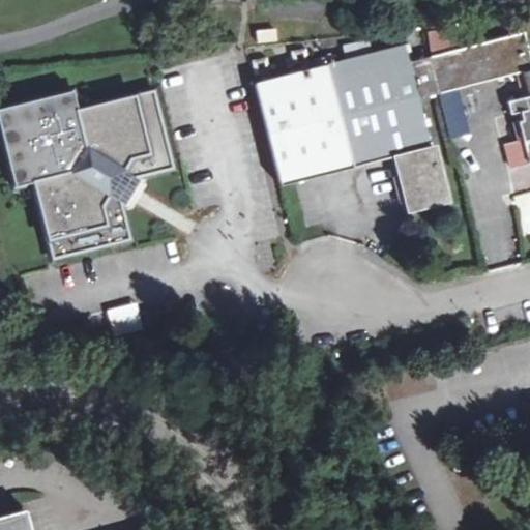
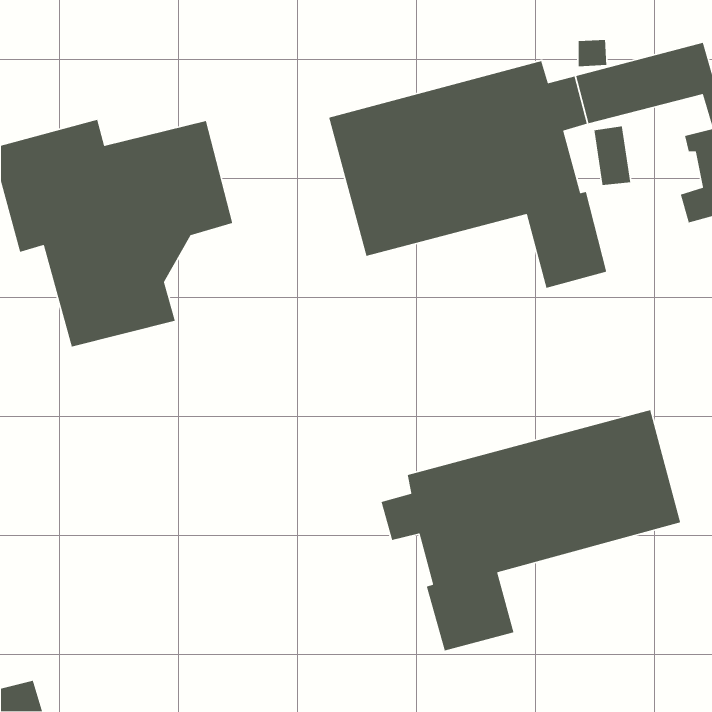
building: none -> [380,409,681,651]

